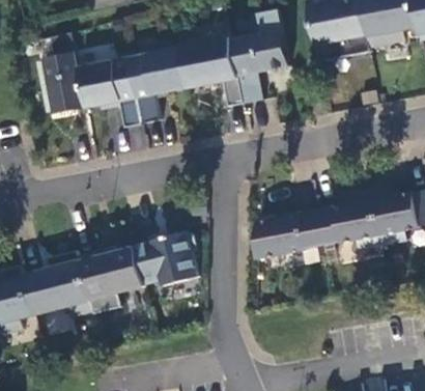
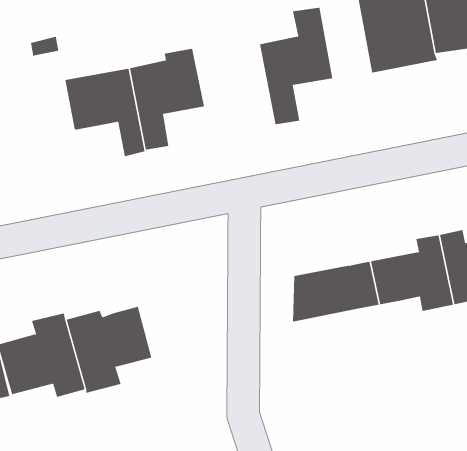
building: [178,38,242,106] -> none
building: [44,53,84,111] -> none
building: [135,230,198,285] -> none

